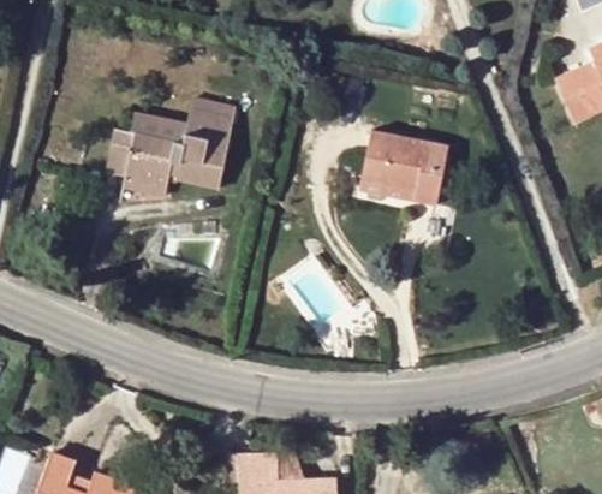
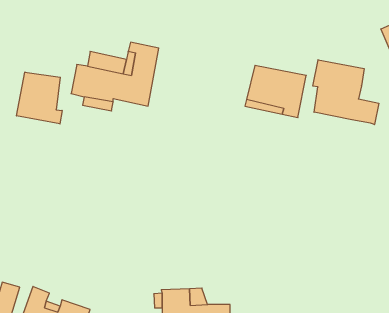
building: none -> [313,60,379,125]
building: none -> [17,72,62,124]

